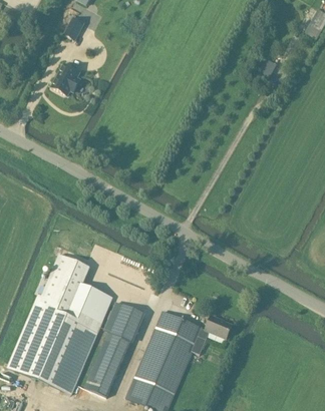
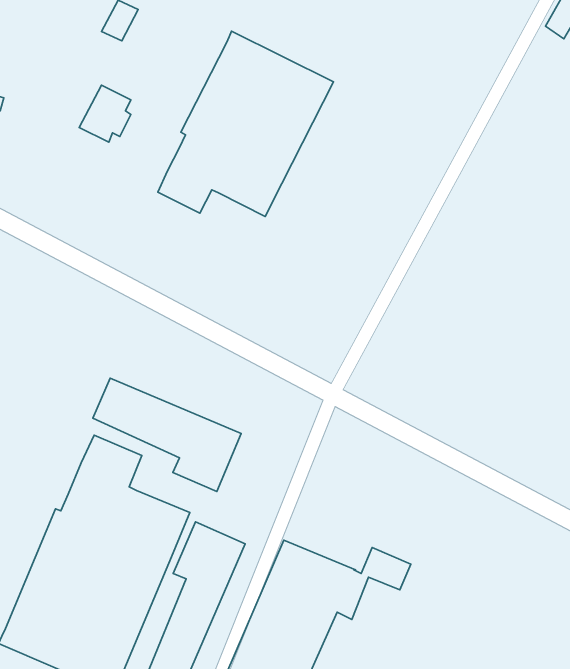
building: none -> [158,31,334,217]
building: none -> [93,378,241,492]

